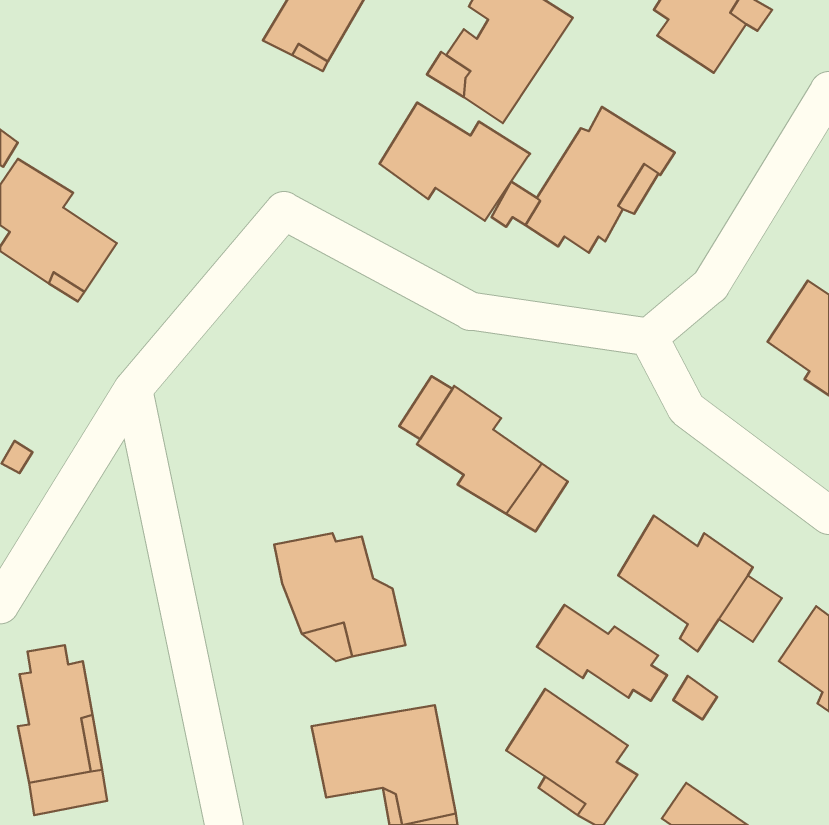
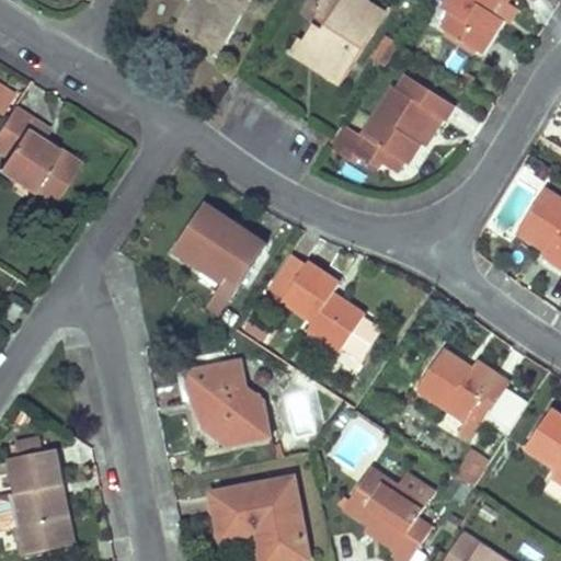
building: [380,103,530,221] -> none
building: none -> [174,208,265,283]
building: [537,605,667,701] -> none

